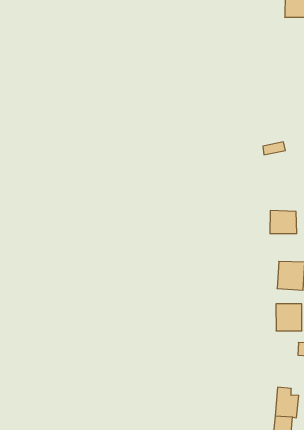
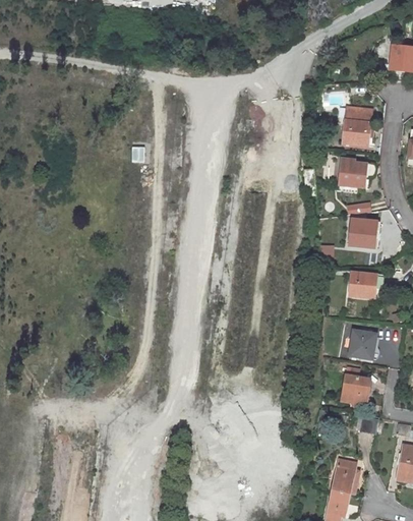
building: none -> [343,108,372,146]
building: none -> [339,159,370,188]
building: none -> [348,220,378,249]

